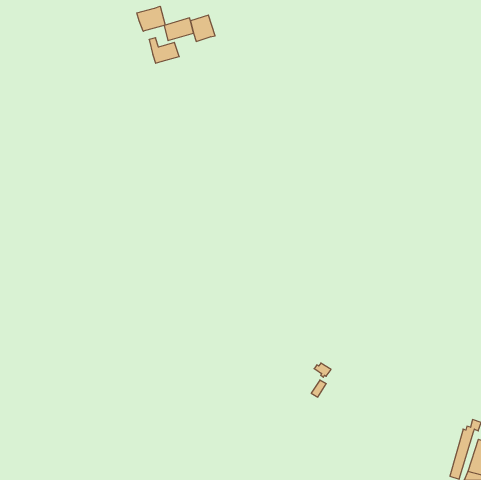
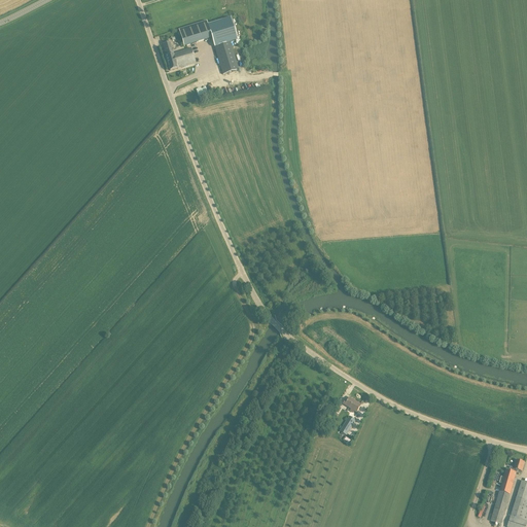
building: [137,6,165,31] -> none
building: none -> [215,40,240,73]

